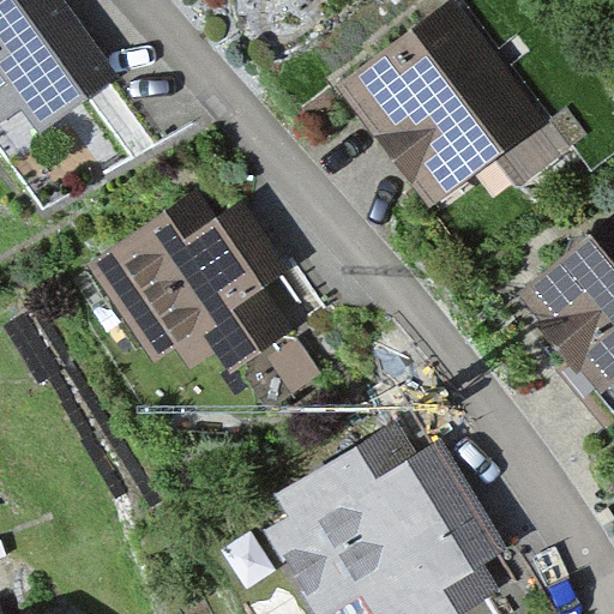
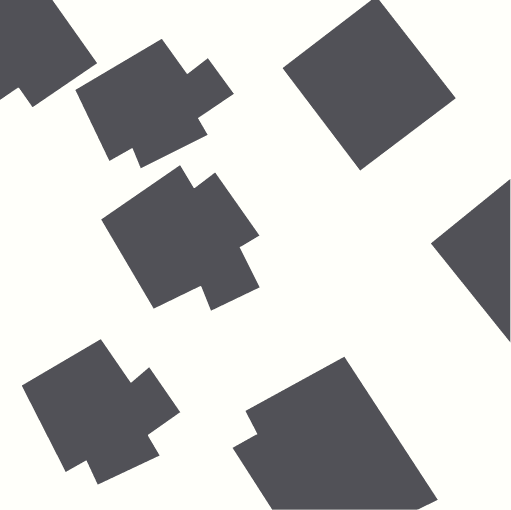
building: none -> [74,38,235,169]
building: none -> [21,338,181,486]

